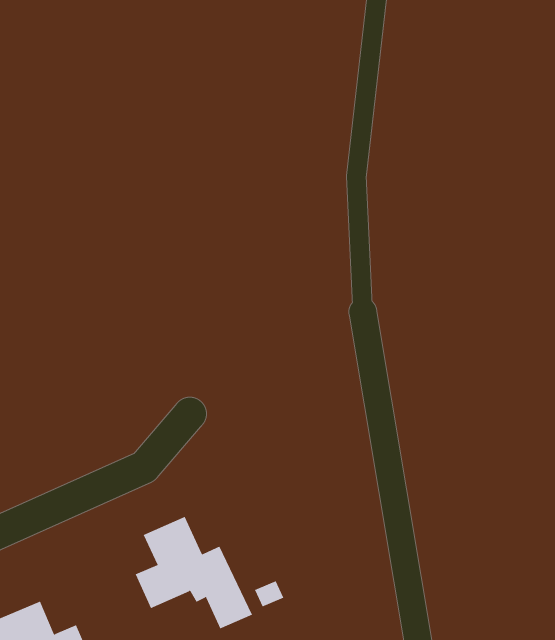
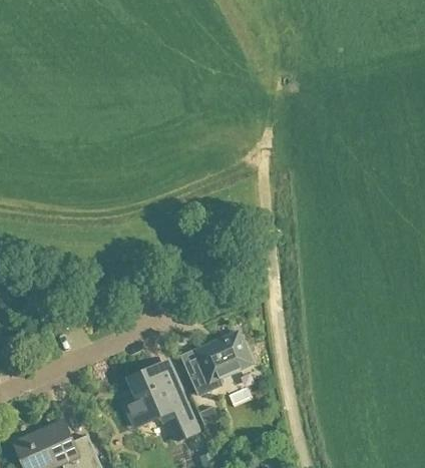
building: none -> [184,329,253,394]

